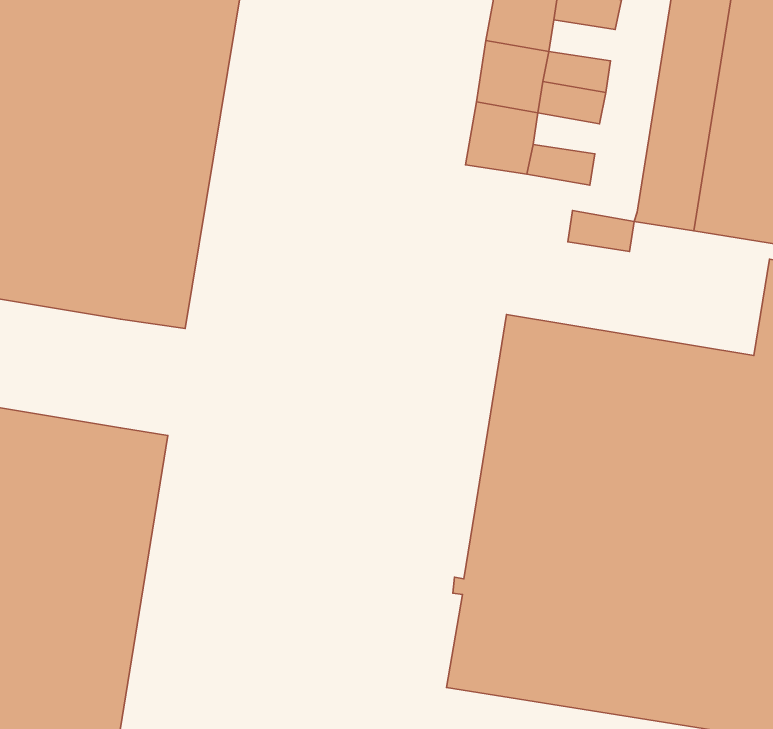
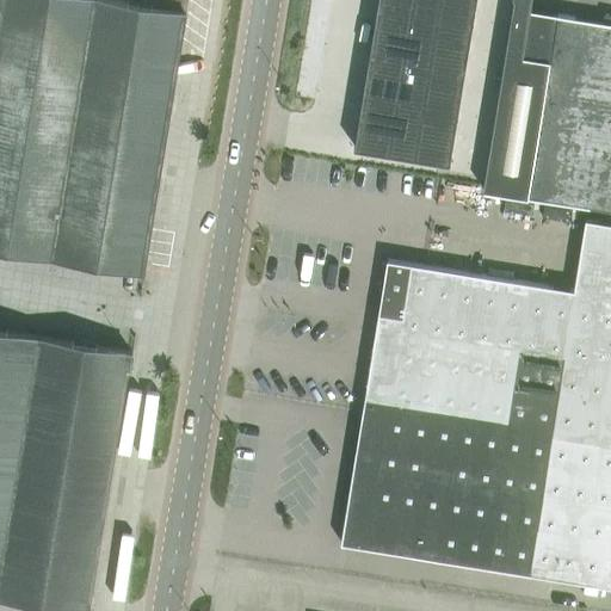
building: none -> [419,41,469,72]
building: [568,210,634,251] -> [407,111,457,142]

